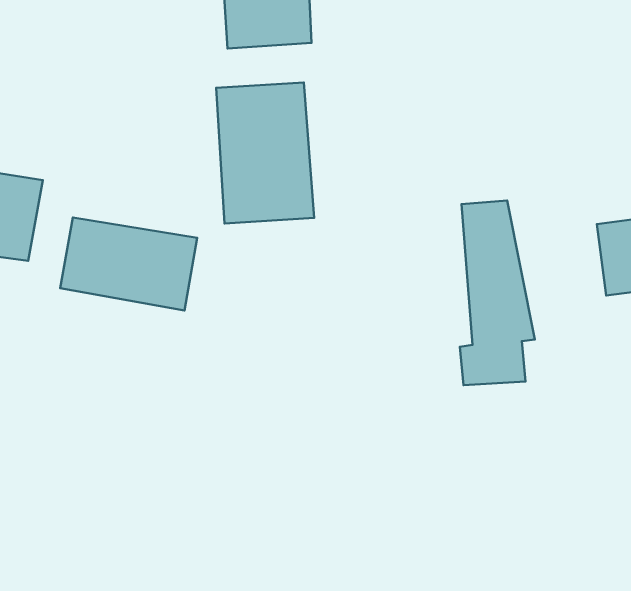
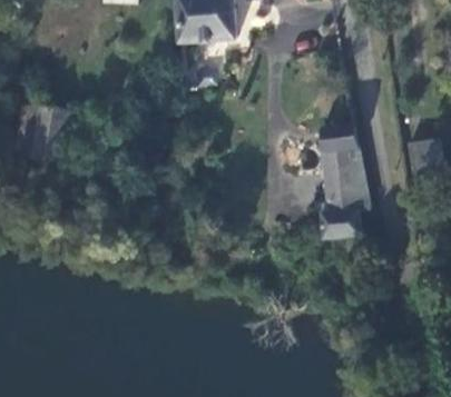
building: [216,83,314,224] -> none
building: [60,217,197,310] -> none

